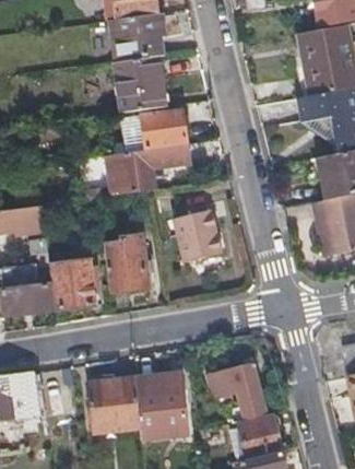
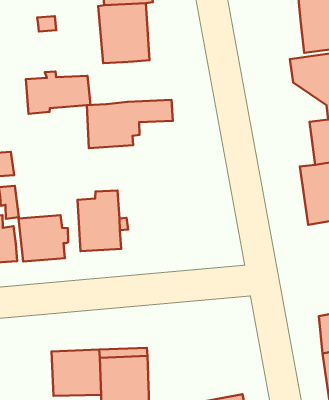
building: [121,112,184,153] -> [26,71,90,114]
building: [174,210,222,263] -> none
building: [206,361,263,420] -> none

